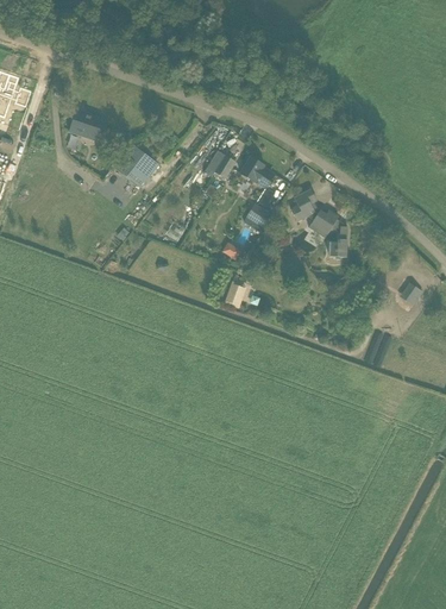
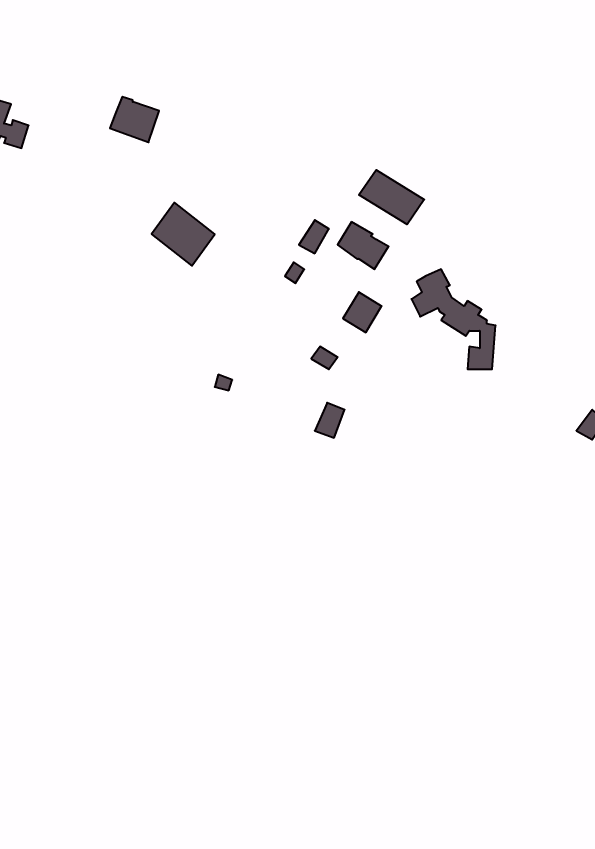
building: [68,109,101,140] -> [110,97,159,142]
building: none -> [359,170,424,224]

